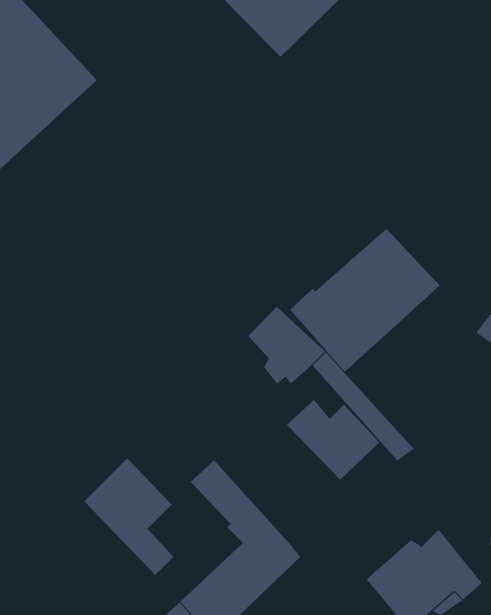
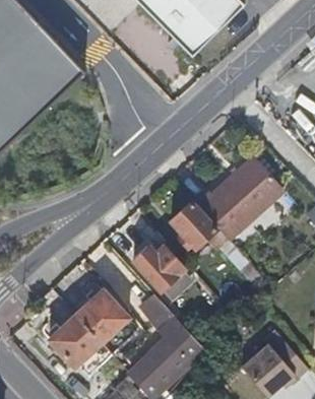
building: [286,399,380,481] -> [130,243,185,290]
building: none -> [50,316,118,371]

